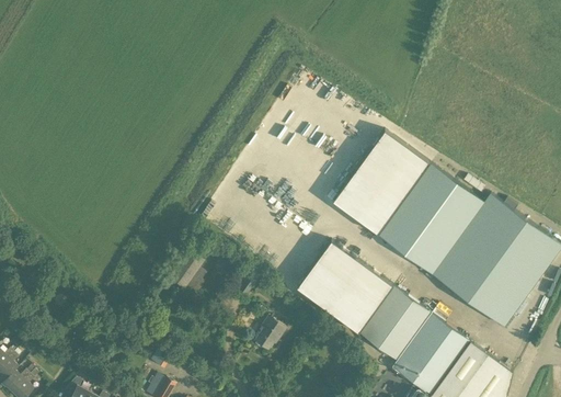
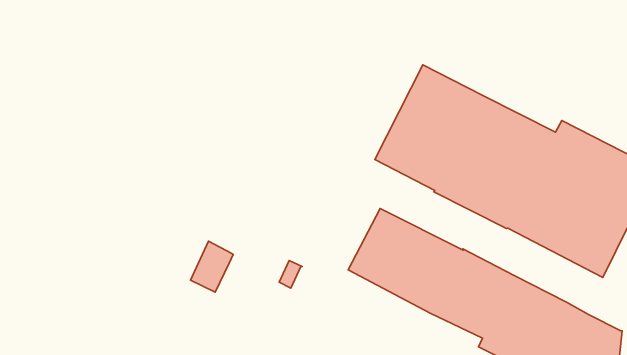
building: [254,316,285,348] -> none

